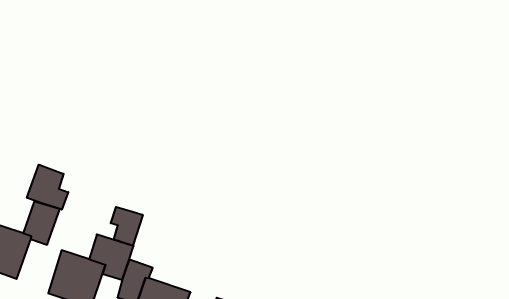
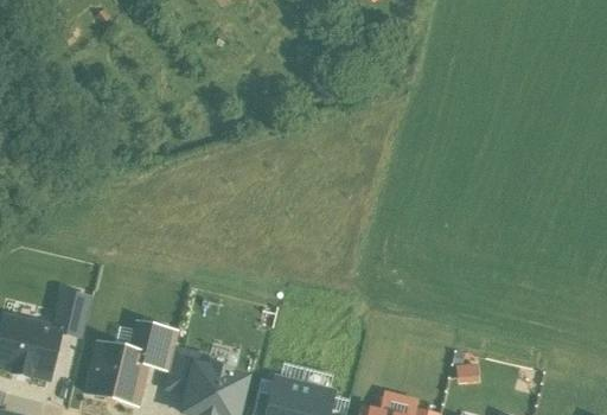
building: [27,165,68,210] -> none
building: [111,207,143,246] -> none

